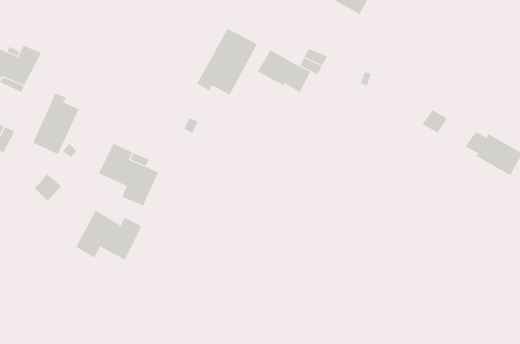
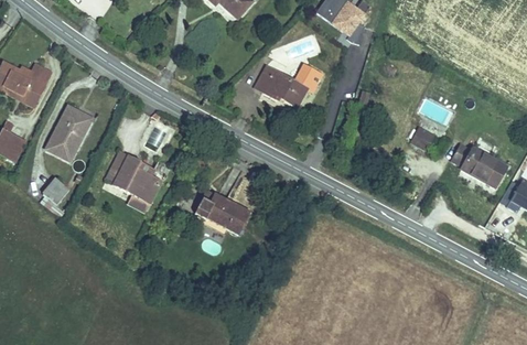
building: [196,28,257,96] -> none
building: none -> [203,194,248,230]
building: [76,210,142,261] -> none

